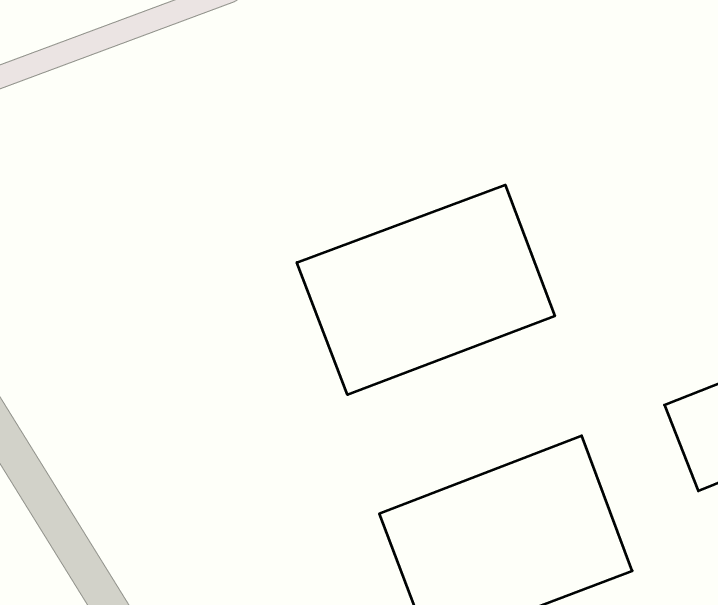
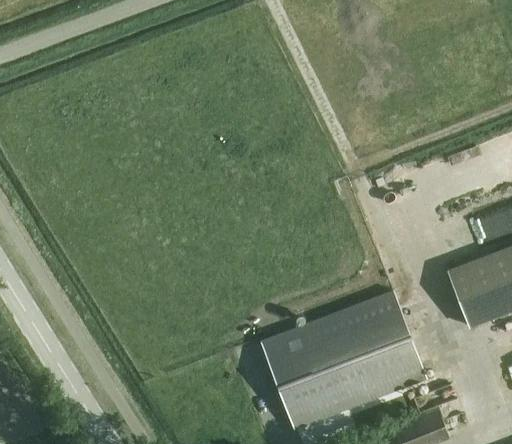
building: [297,185,555,395] -> none

